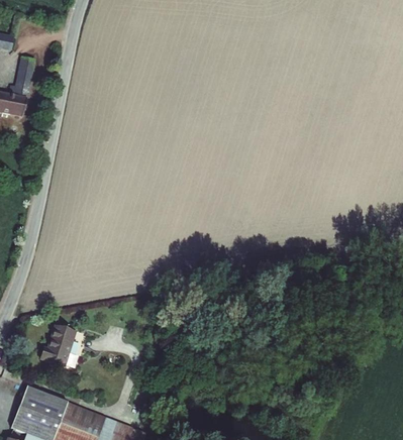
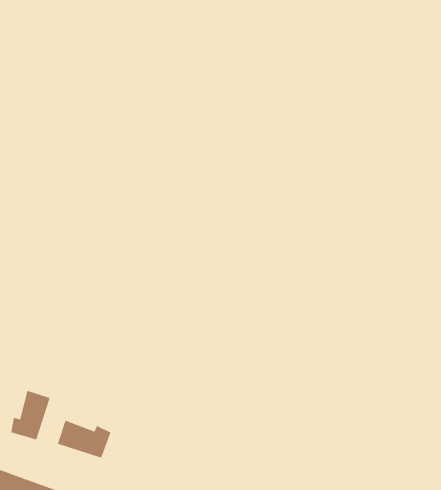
building: none -> [57,420,111,458]

